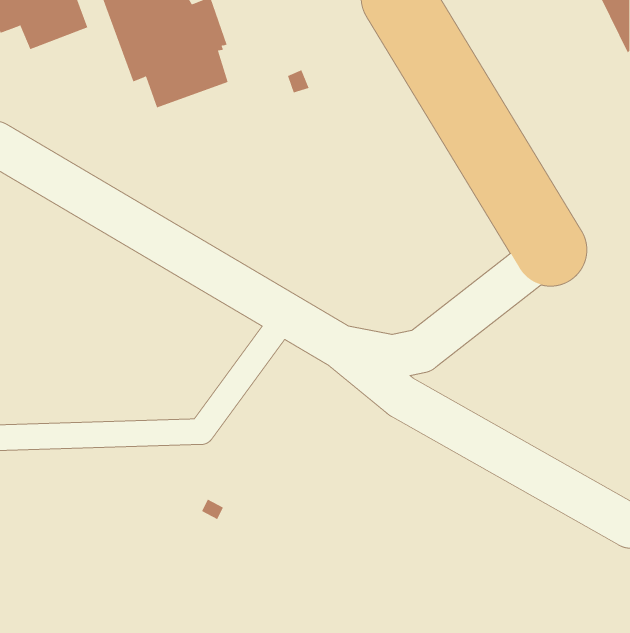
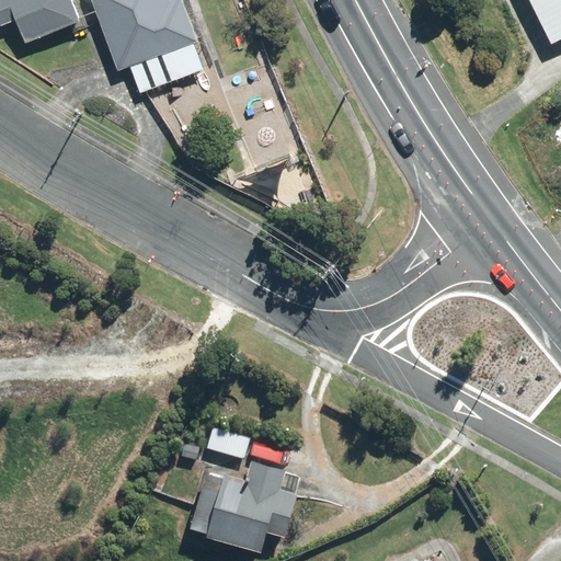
building: none -> [192,458,297,547]

